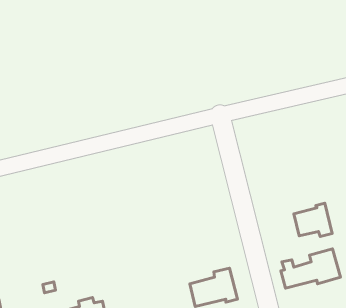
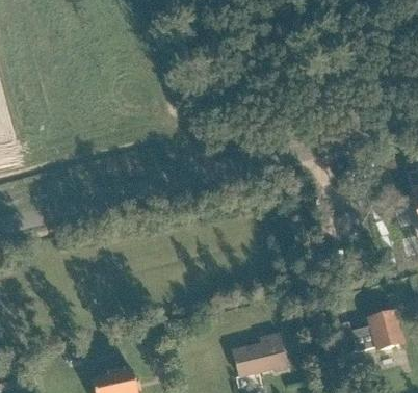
building: [294,203,332,237] -> none

